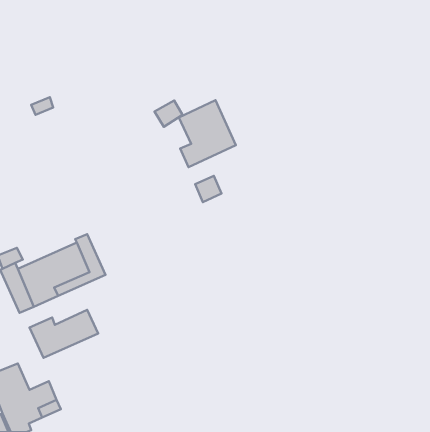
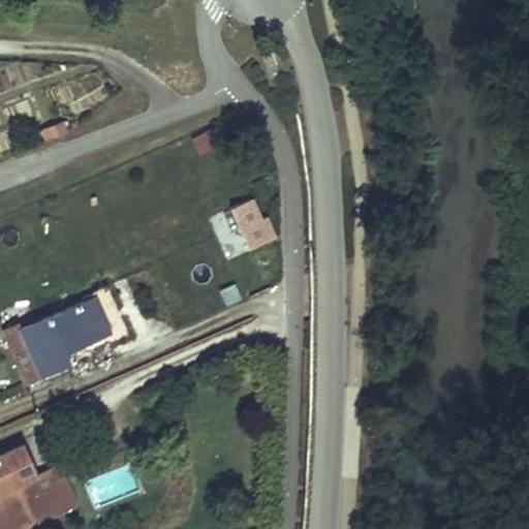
building: [179,100,236,167] -> none
building: [29,310,98,358] -> none

